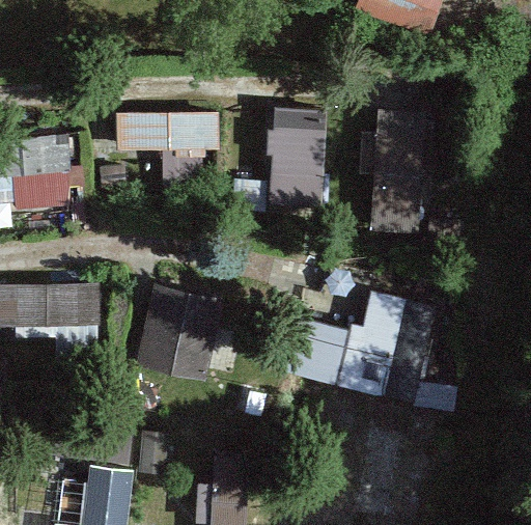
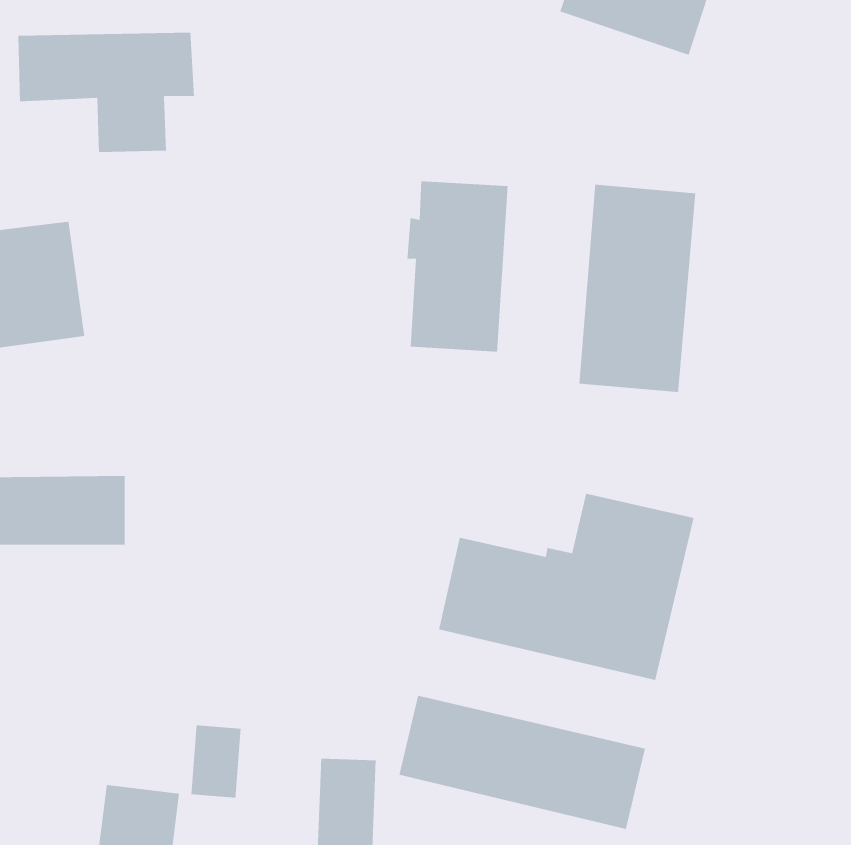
building: [114,111,219,183] -> [17,32,195,153]
building: [135,284,222,383] -> none
building: none -> [399,695,646,830]

